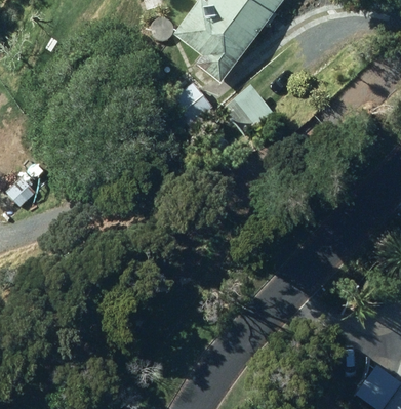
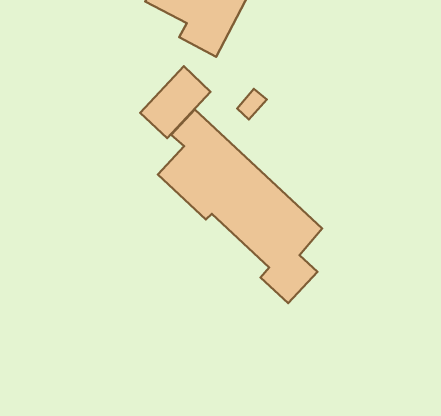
building: none -> [158,109,322,303]

